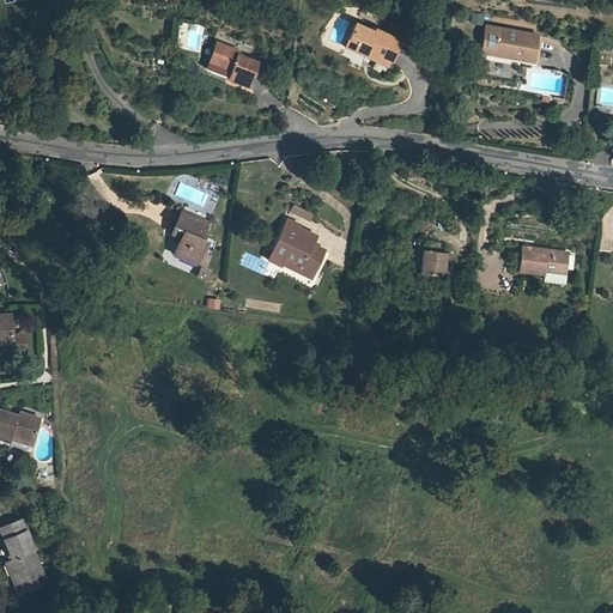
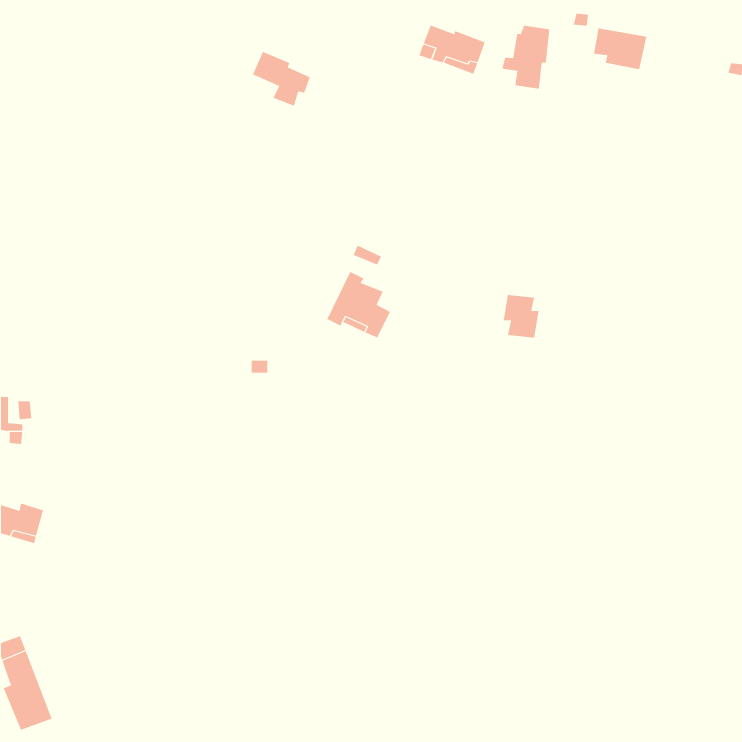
building: none -> [502,25,550,89]
building: [172,214,208,266] -> none
building: [518,245,566,281] -> none

